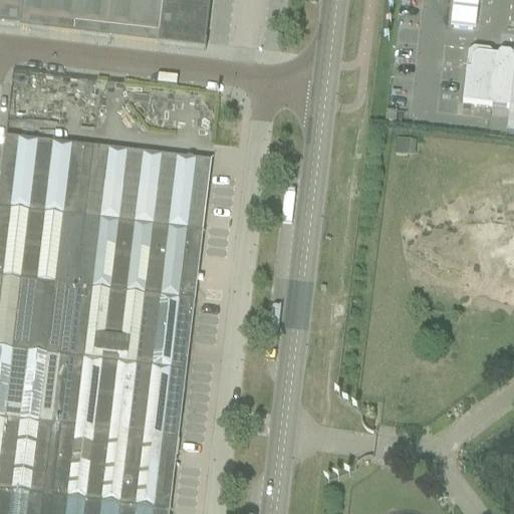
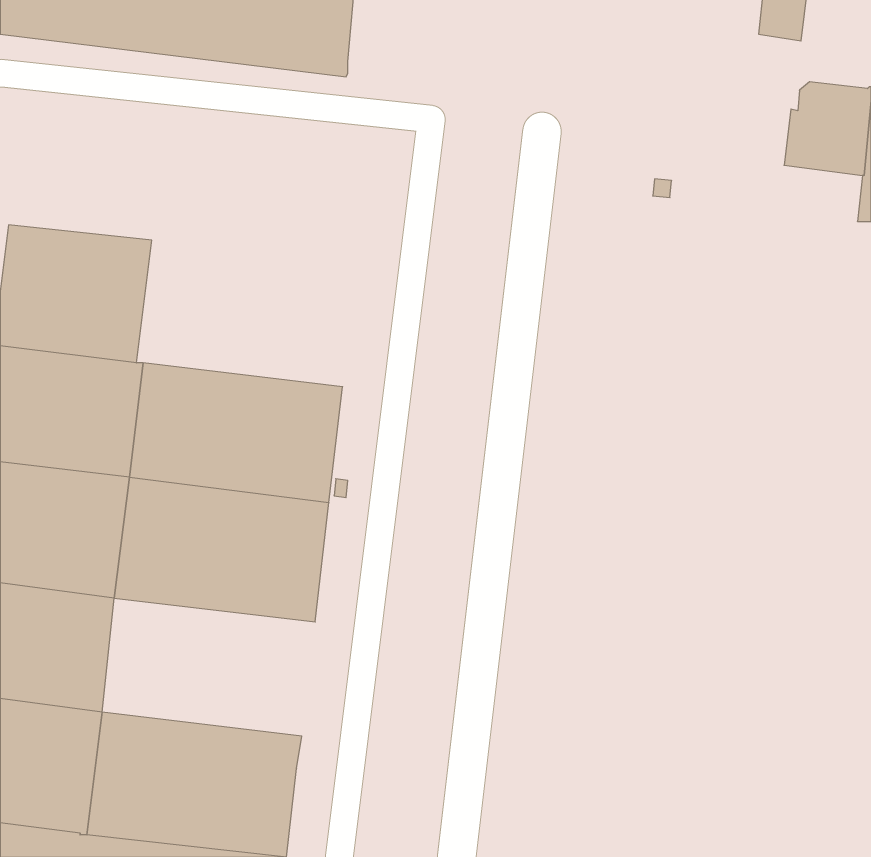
building: [80,142,211,228] -> none
building: [60,352,186,434] -> none

